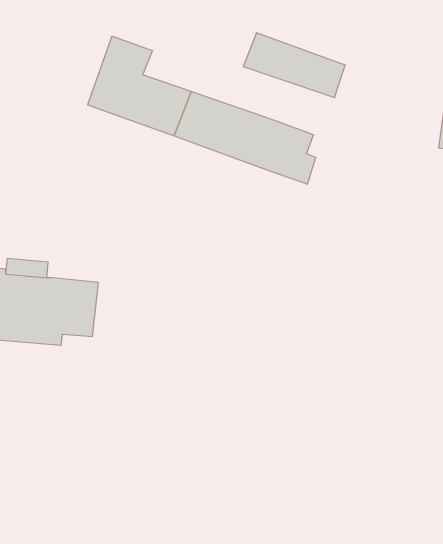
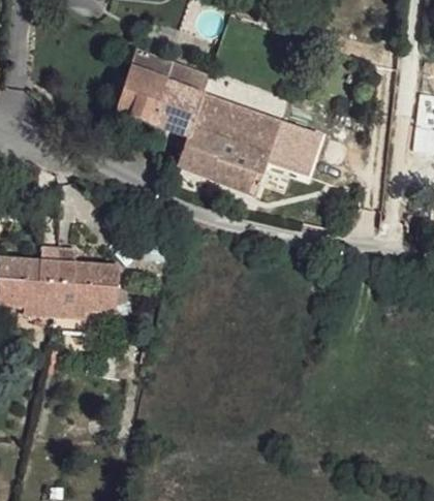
building: [243,33,345,98] -> [177,138,265,194]
building: none -> [161,65,210,100]

